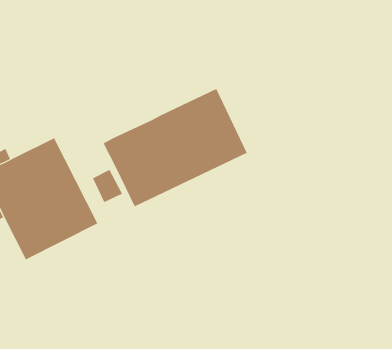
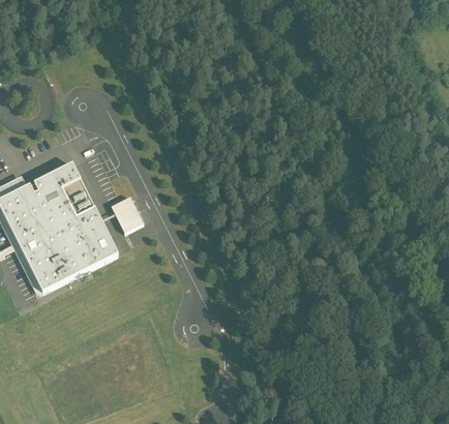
building: [103,88,248,207] -> none

